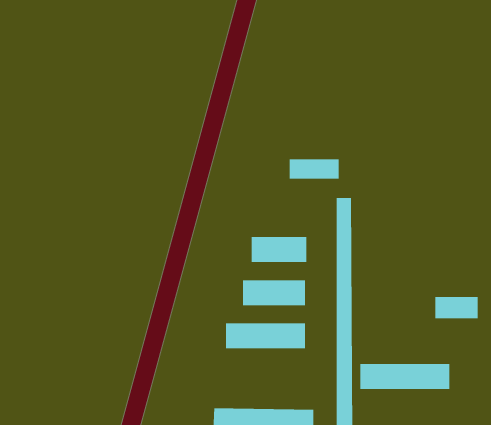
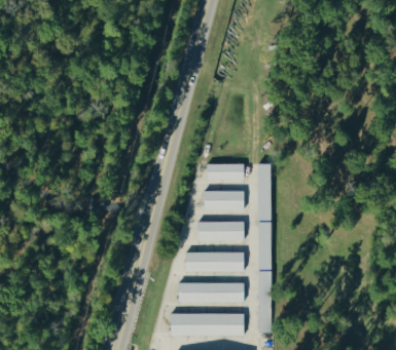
building: [289,159,339,179] -> [203,164,239,179]
building: [435,296,478,319] -> none
building: [359,364,450,389] -> [174,283,239,302]

